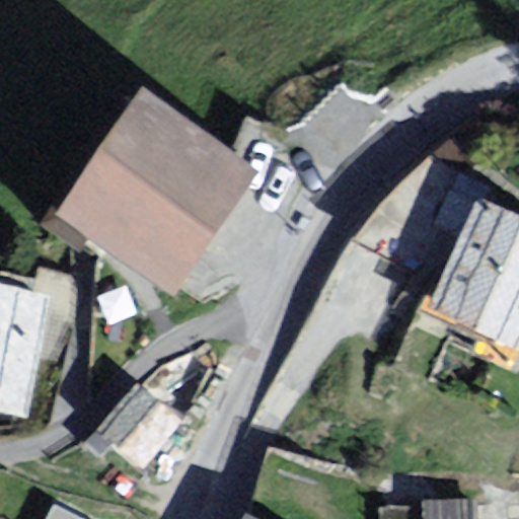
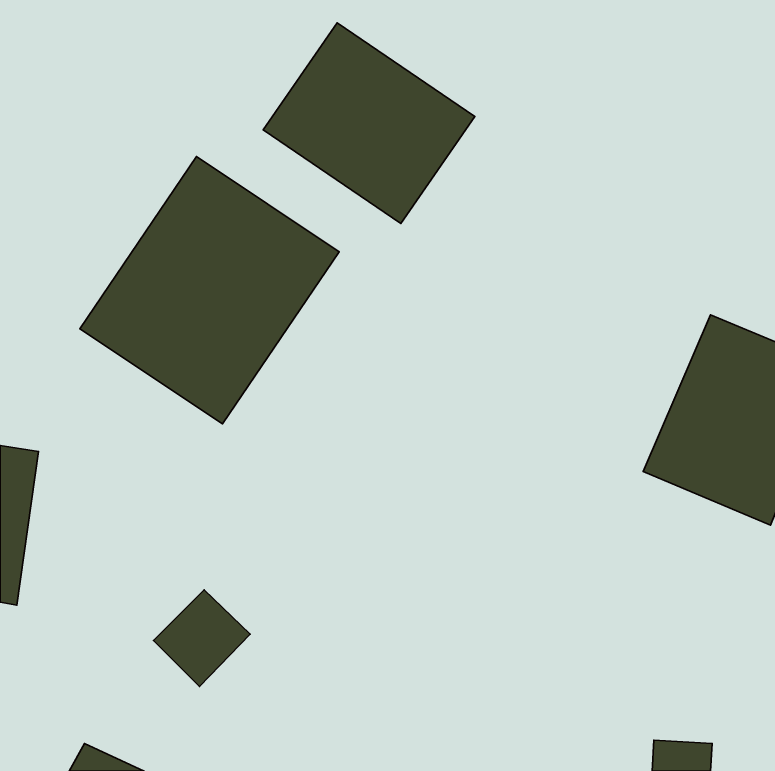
building: none -> [263,23,475,224]

